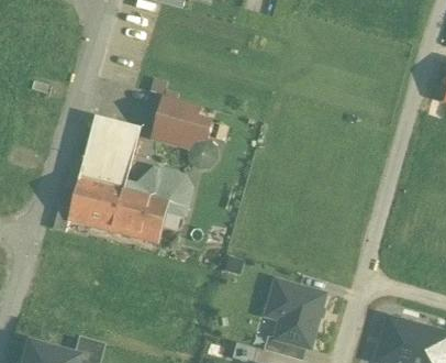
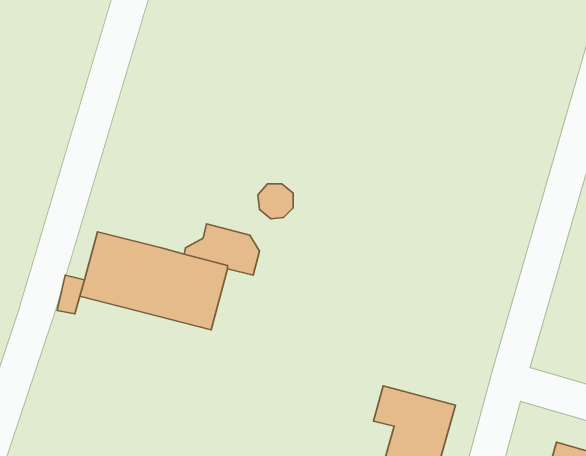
building: [150,95,211,146] -> none
building: [79,116,138,186] -> none

